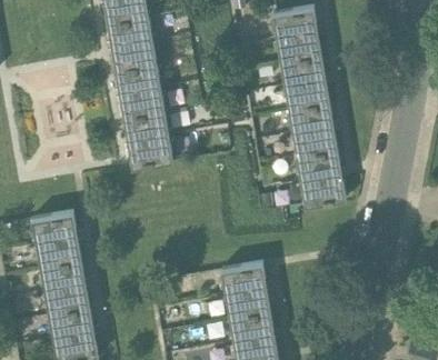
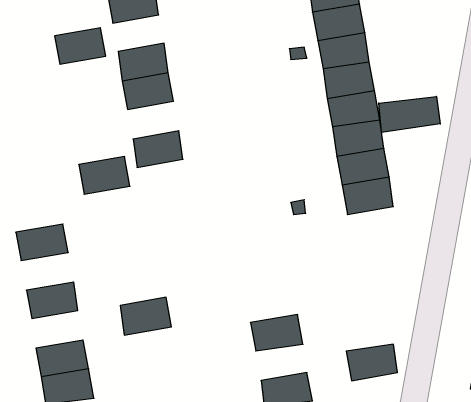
building: [113,40,156,70] -> [55,28,106,64]
building: none -> [379,96,440,132]
building: [126,111,168,142] -> [79,157,130,194]
building: [38,236,81,267] -> none
building: [223,263,266,293] -> none
building: [47,283,89,314] -> [120,297,171,335]
building: [231,311,273,341] -> [346,344,397,381]

